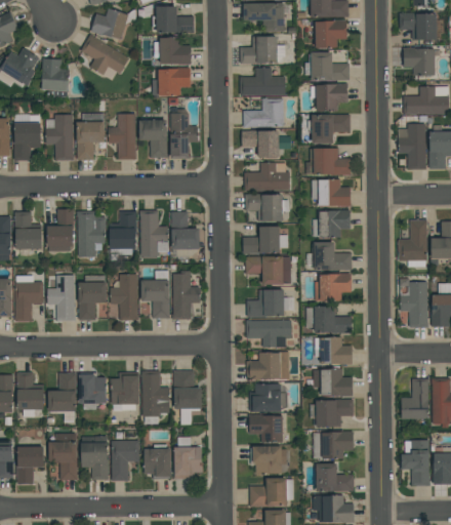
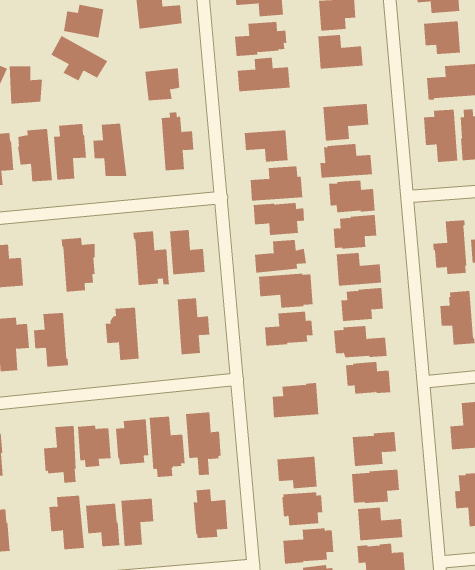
building: [158,39,193,67] -> none
building: [311,84,347,111] -> none
building: [243,98,284,127] -> none
building: [139,119,168,158] -> none
building: [47,209,74,246] -> none
building: [110,211,136,254] -> none
building: [141,271,170,318] -> none
building: [79,275,107,320] -> none
building: [246,320,291,349] -> none
building: [314,368,353,396] -> none
building: [16,372,44,416] -> none
building: [250,383,286,412] -> none
building: [145,444,171,479] -> none
building: [17,447,44,484] -> none

